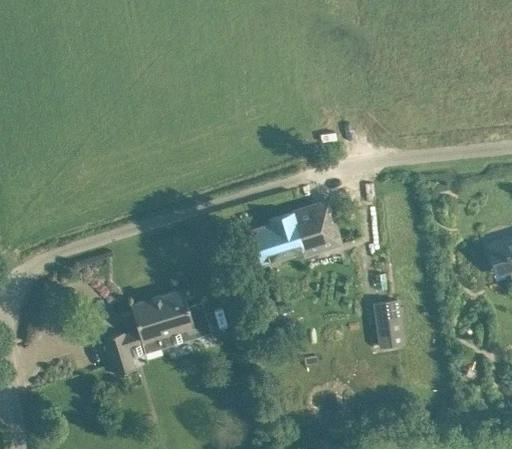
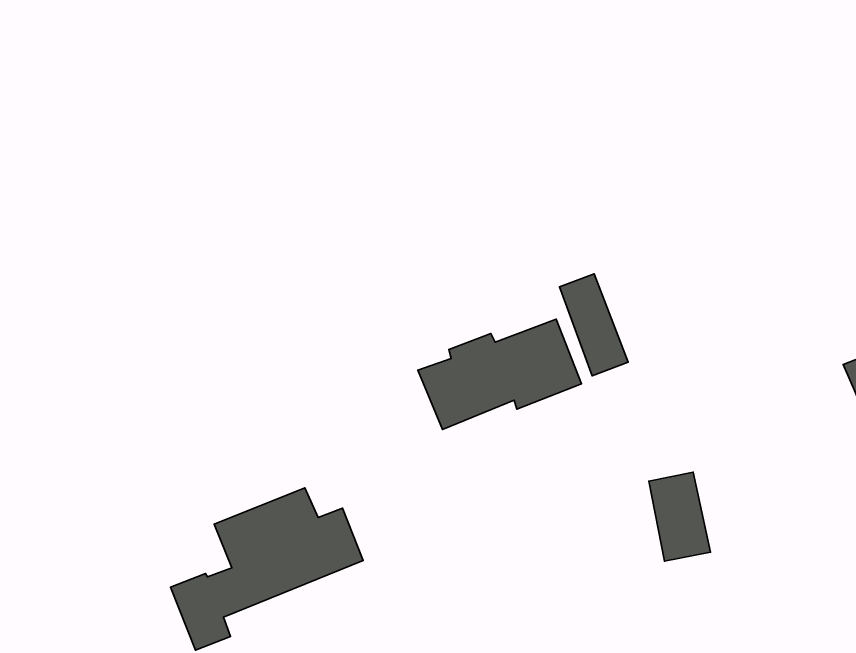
building: none -> [560,274,628,376]

